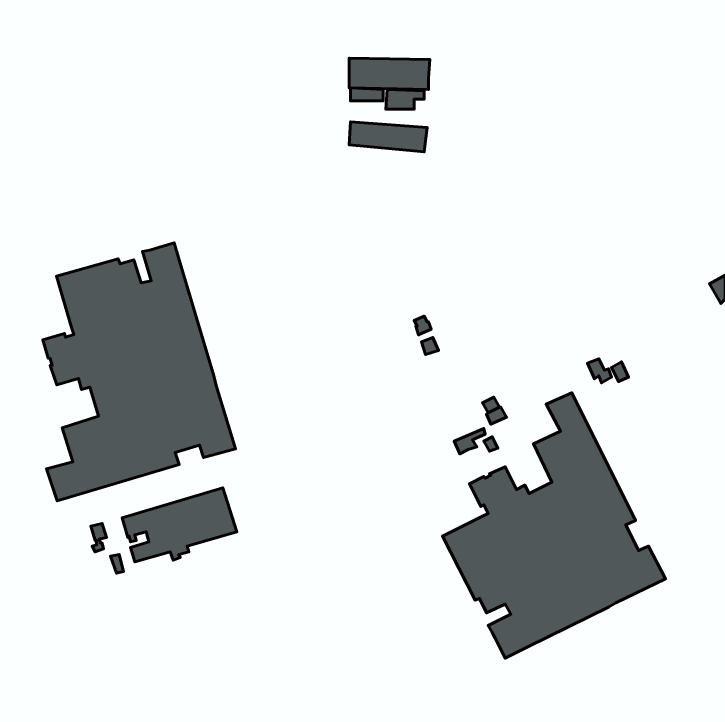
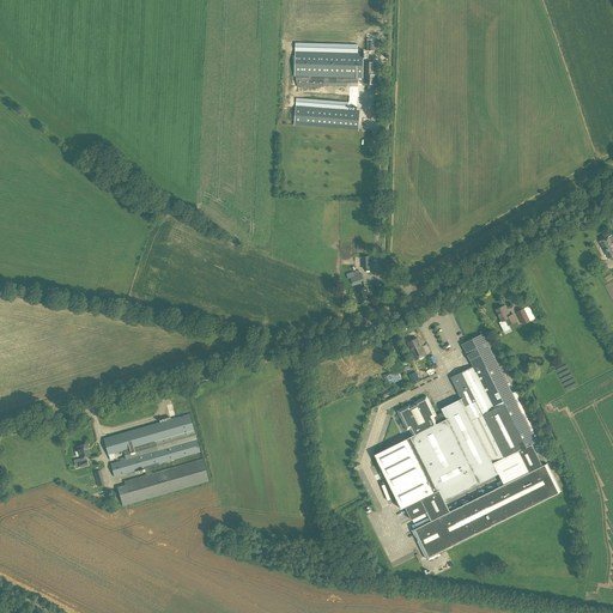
building: [43,243,235,501] -> none
building: none -> [117,456,208,504]

